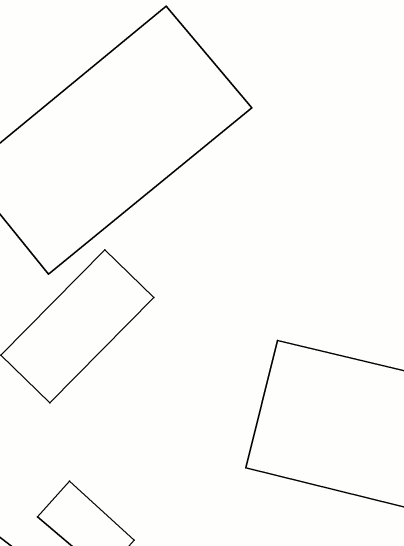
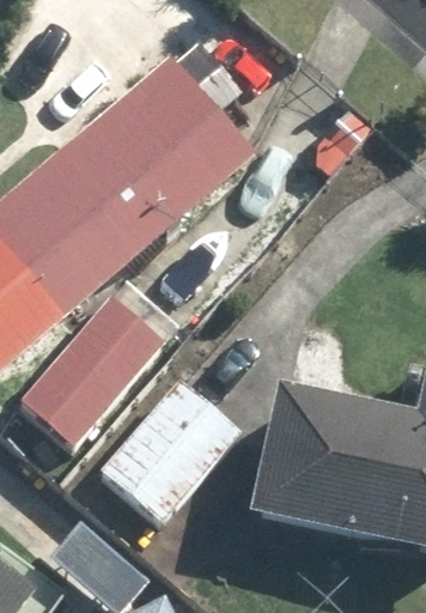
building: none -> [98,377,238,523]

